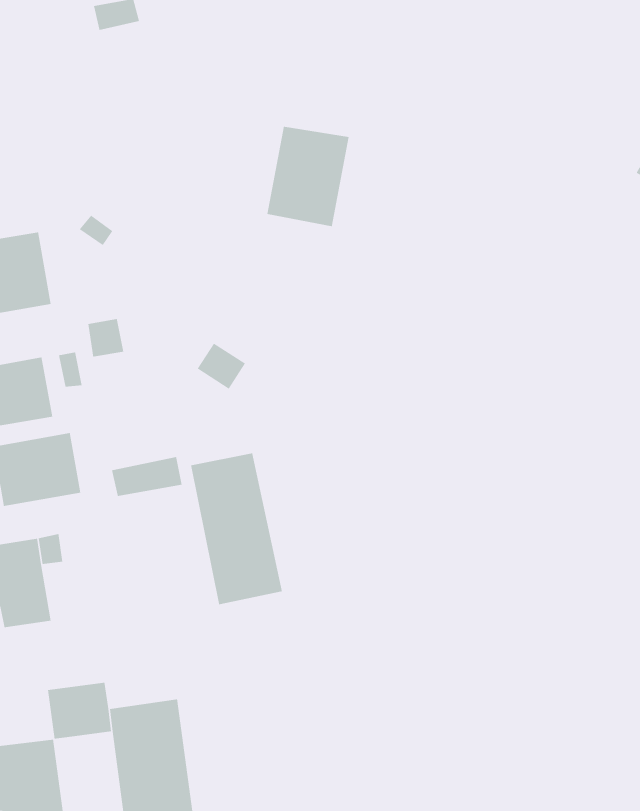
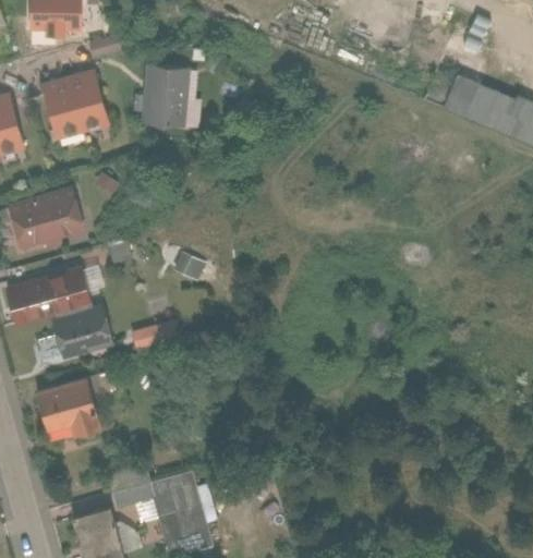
building: none -> [40,70,113,151]
building: [266,126,349,227] -> [143,62,190,122]
building: [191,452,282,605] -> none

